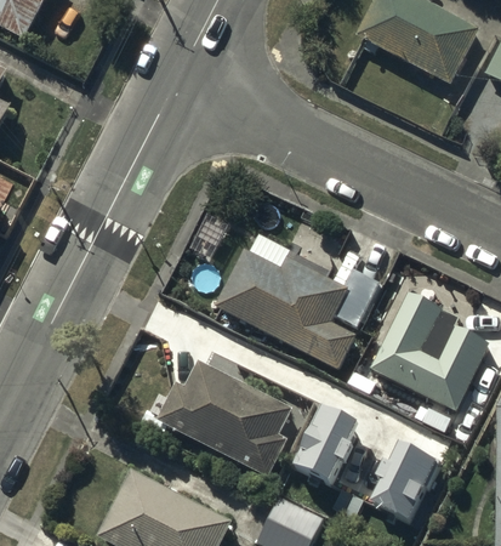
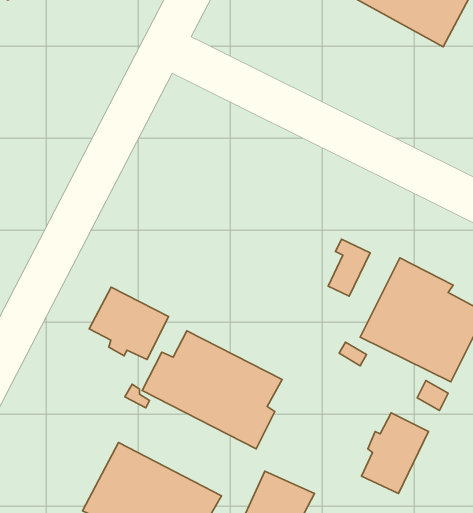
building: [212,248,355,370] -> none
building: none -> [89,287,169,359]
building: [291,403,363,483] -> none

